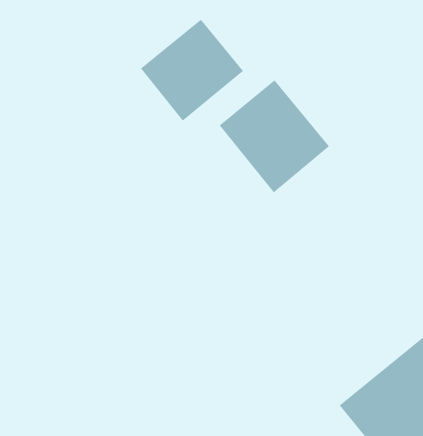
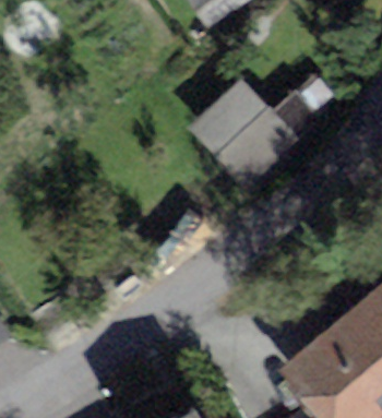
building: [140,19,244,122] -> none

